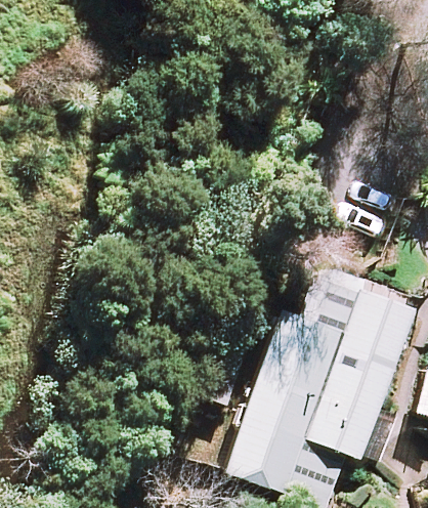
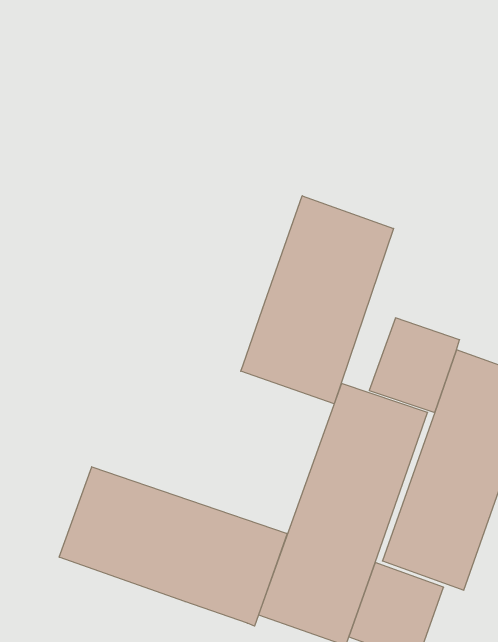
building: none -> [241,196,394,404]
building: none -> [59,467,287,626]

